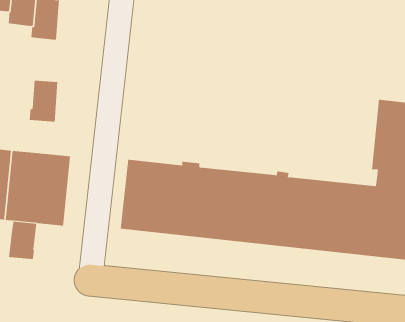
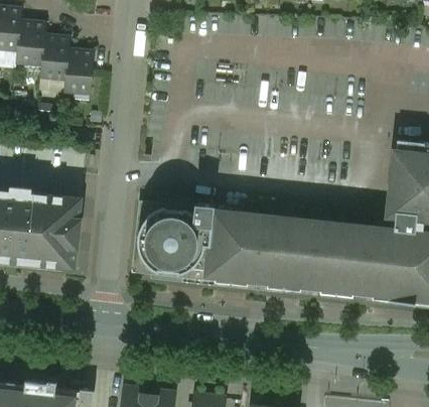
building: [29,80,58,122] -> [63,49,94,93]
building: [9,221,37,260] -> none

